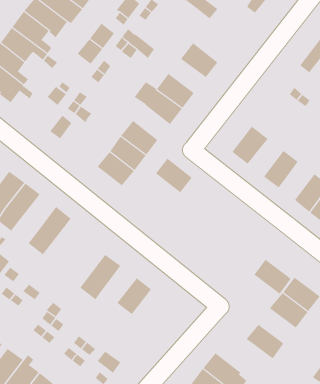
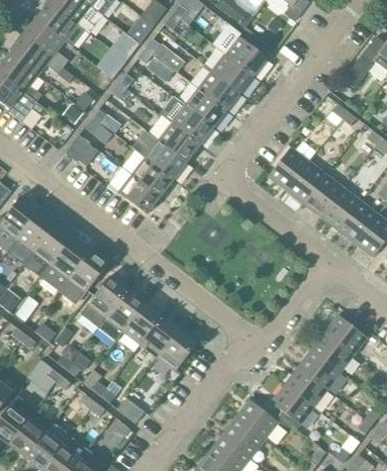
building: none -> [212,21,267,76]
building: none -> [197,72,239,110]
building: none -> [286,161,325,203]
building: [155,158,192,193] -> [158,123,199,163]
building: none -> [320,187,360,229]
building: none -> [22,223,72,278]
building: none -> [58,251,107,304]
building: none -> [80,276,126,327]
building: [253,259,291,294] -> [297,351,340,390]
building: none -> [123,303,162,345]
building: none -> [157,329,196,371]
building: none -> [271,385,313,426]

